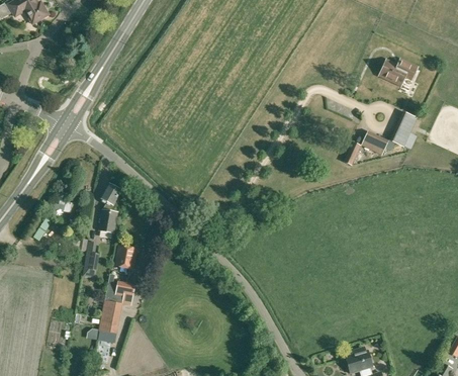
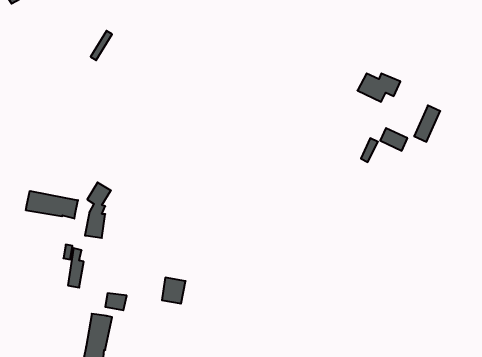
building: [379,61,418,86] -> [357,73,400,102]
building: none -> [26,191,78,219]
building: [115,246,136,269] -> [162,278,186,304]

